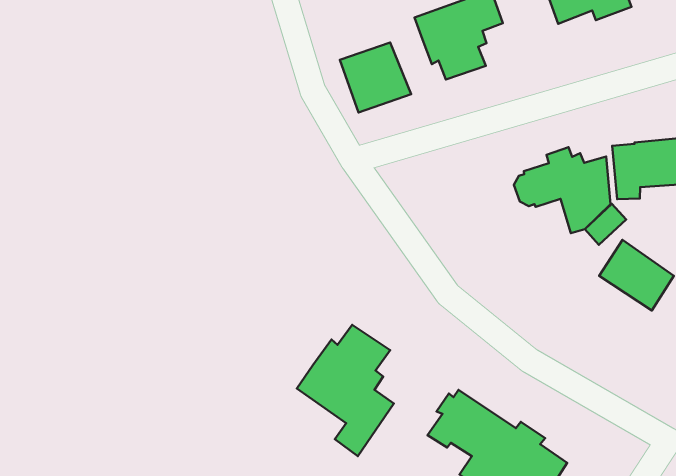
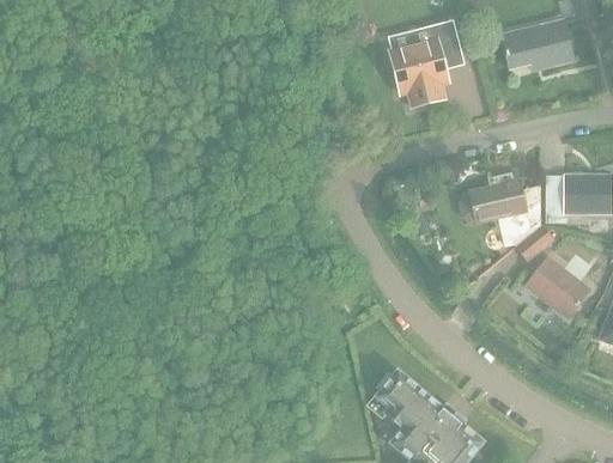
building: [340,43,411,113] -> none
building: [297,325,394,456] -> none

